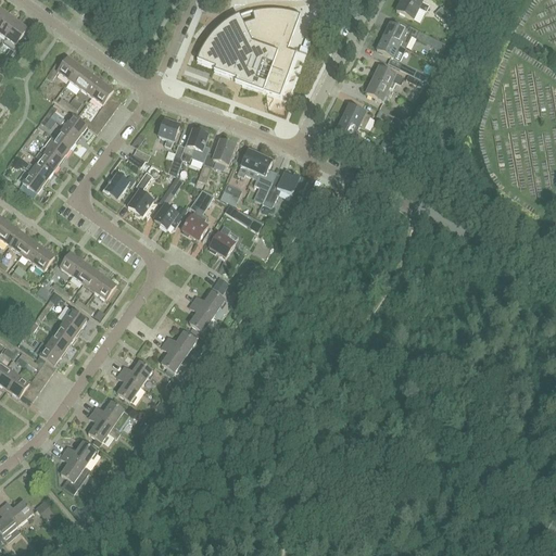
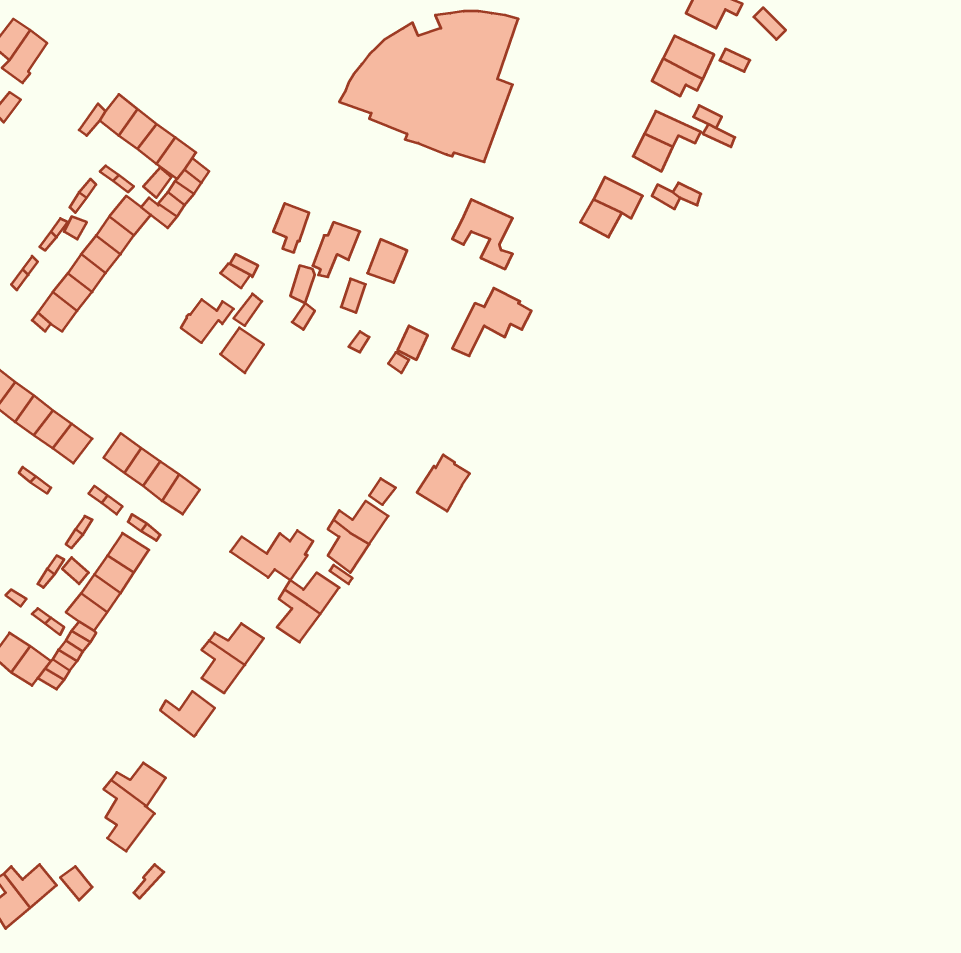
building: [236,149,270,189] -> [452,199,513,269]
building: [153,203,186,227] -> none
building: [181,206,206,239] -> none
building: [207,224,238,256] -> [417,455,470,511]
building: none -> [230,530,313,580]
building: [88,409,121,440] -> none

